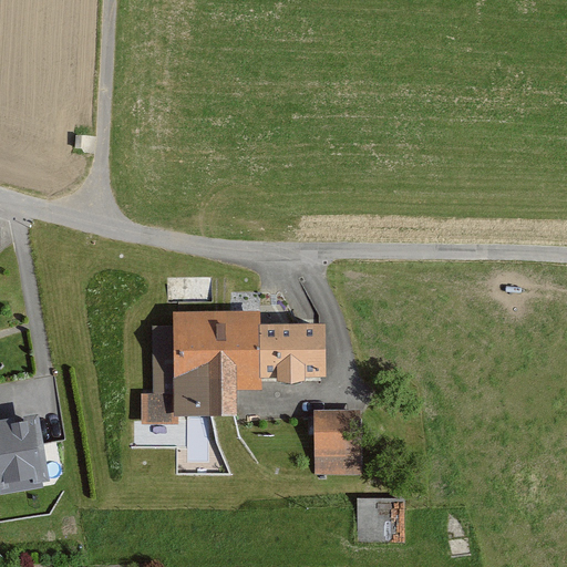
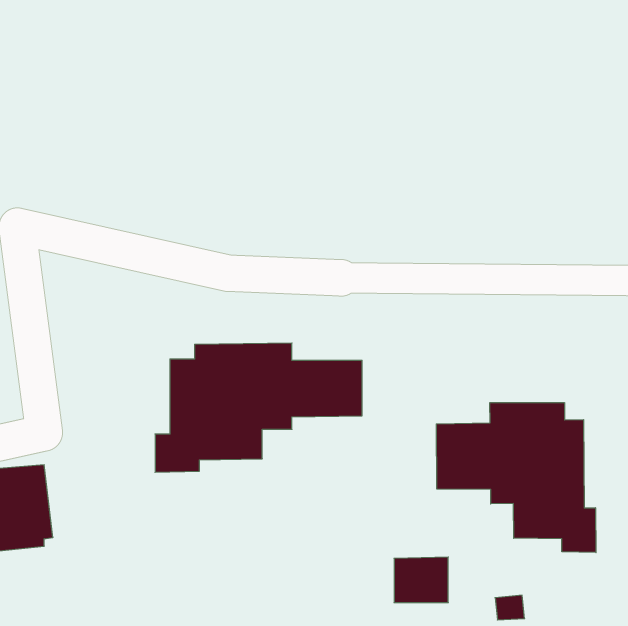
building: none -> [436,403,596,553]
building: [311,412,359,475] -> none

